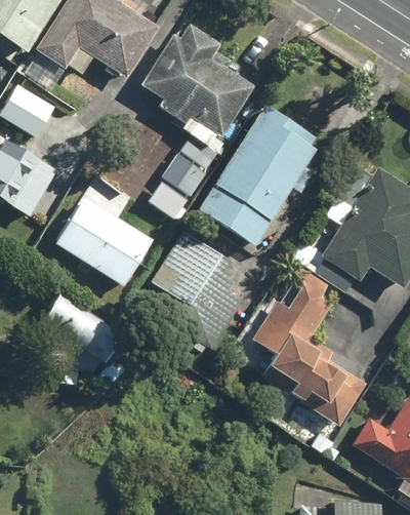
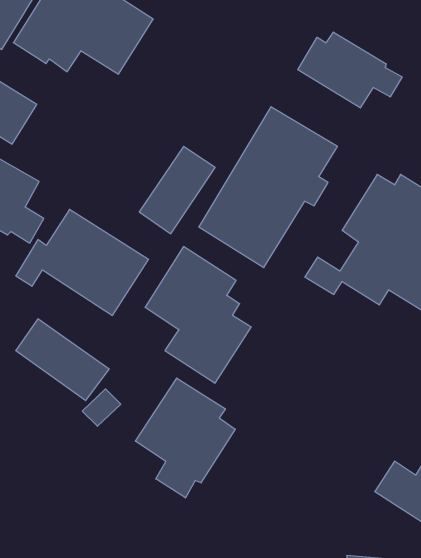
building: [141,24,254,146] -> none
building: none -> [298,32,402,108]
building: [256,266,368,426] -> none
building: none -> [135,378,235,498]

